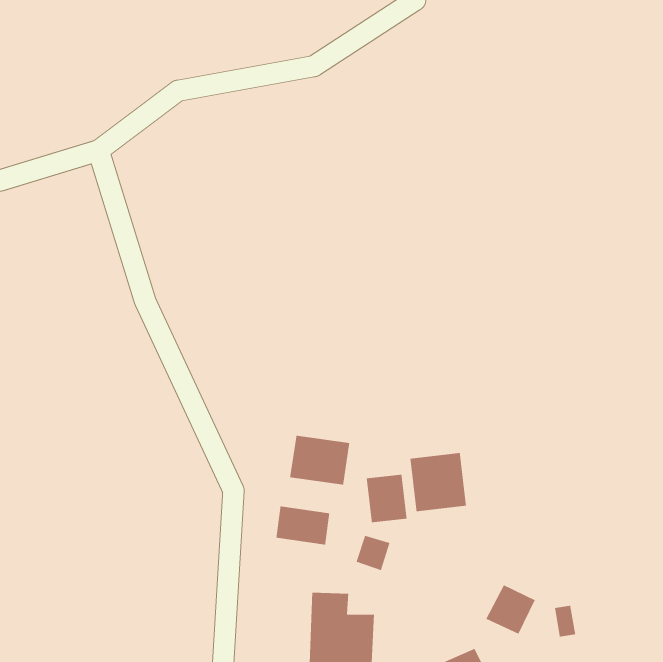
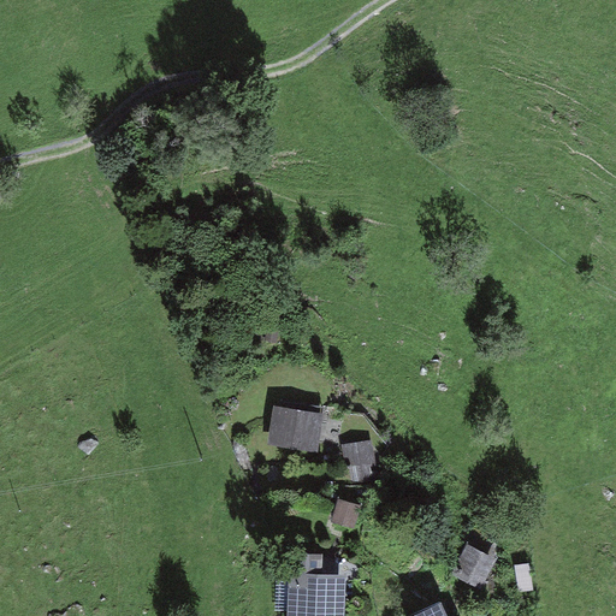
building: [409,452,467,512] -> none
building: [276,506,330,546] -> none

